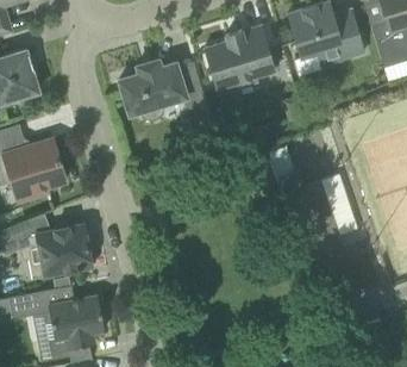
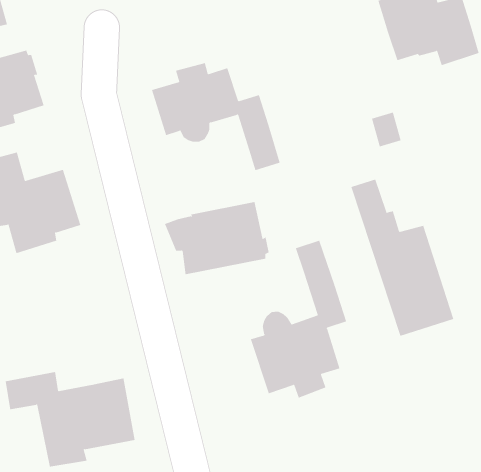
building: [205,24,276,88] -> none
building: none -> [250,240,347,399]
building: [17,223,95,278] -> [164,202,269,275]

